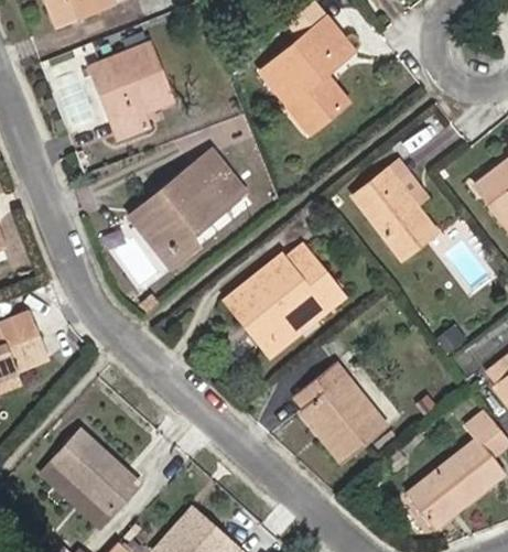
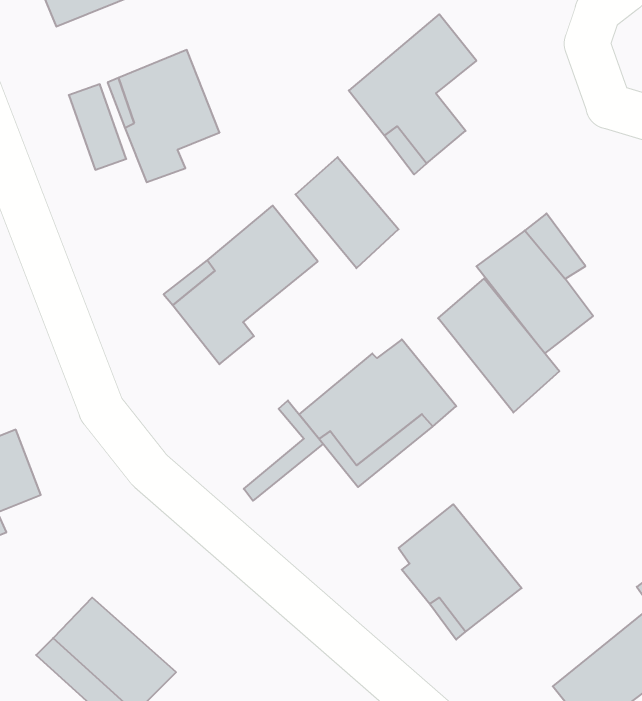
building: none -> [295,157,399,268]
building: none -> [438,279,559,413]
building: none -> [244,400,323,501]

